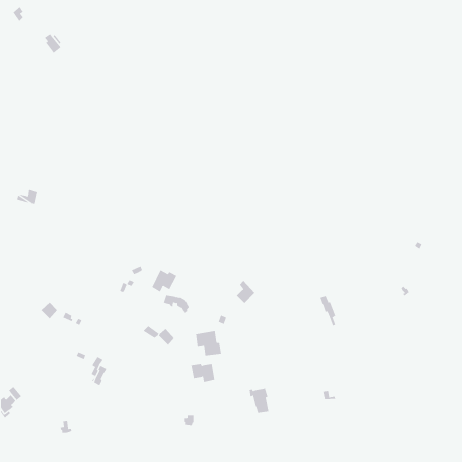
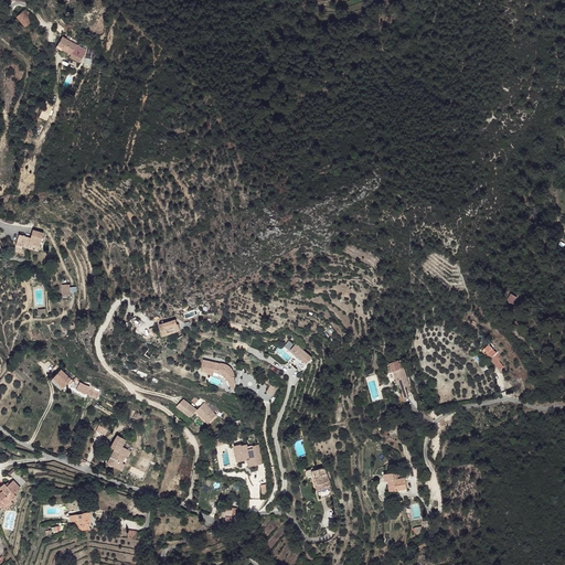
building: [151,270,177,292] -> none
building: [196,330,221,357] -> none

